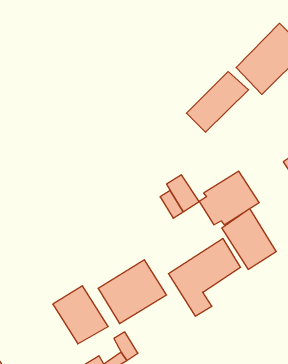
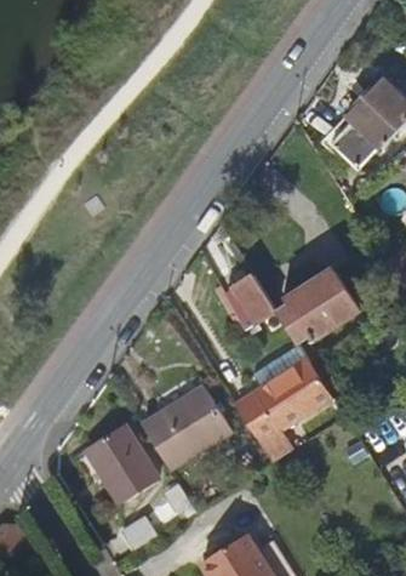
building: [186,72,249,132] -> none
building: [222,209,276,269] -> none

